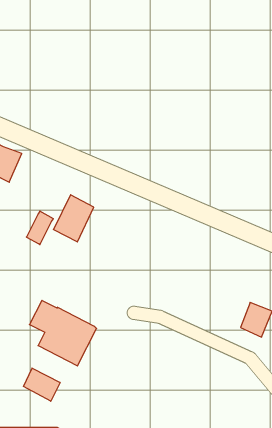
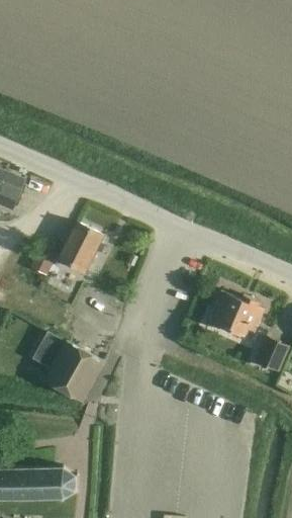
building: none -> [209,289,263,336]
building: [24,368,60,401] -> none

